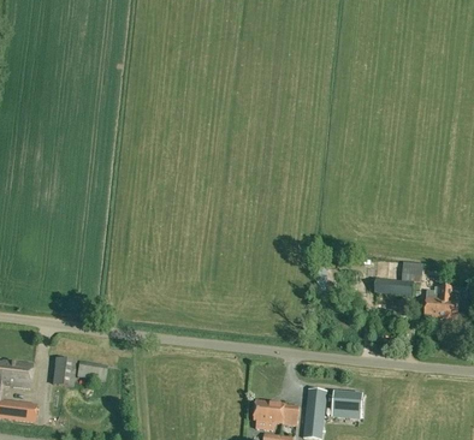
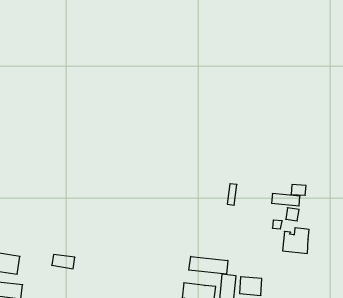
building: [425,285,461,320] -> [283,228,309,253]
building: [53,357,77,386] -> none
building: none -> [189,256,228,274]

